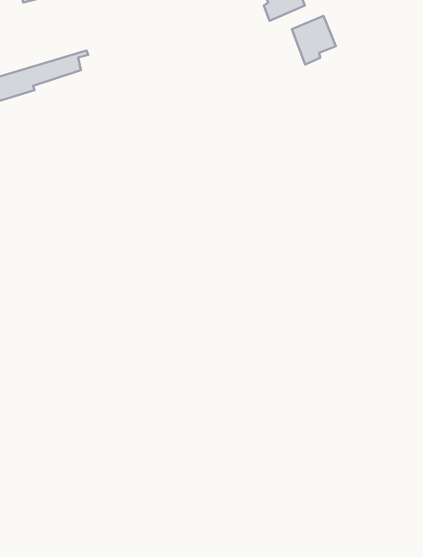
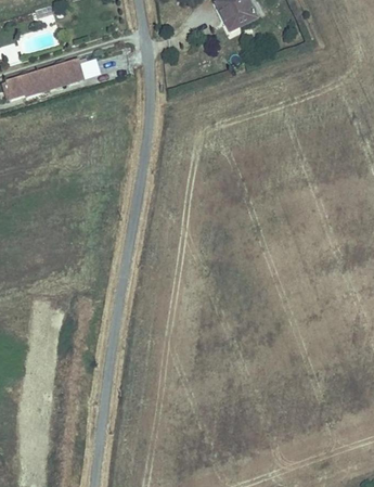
building: [292,16,336,64] -> none

